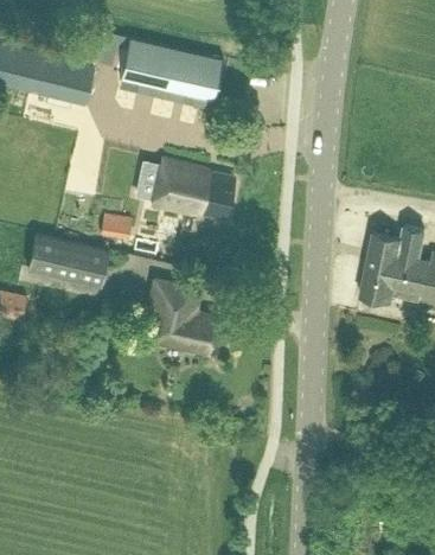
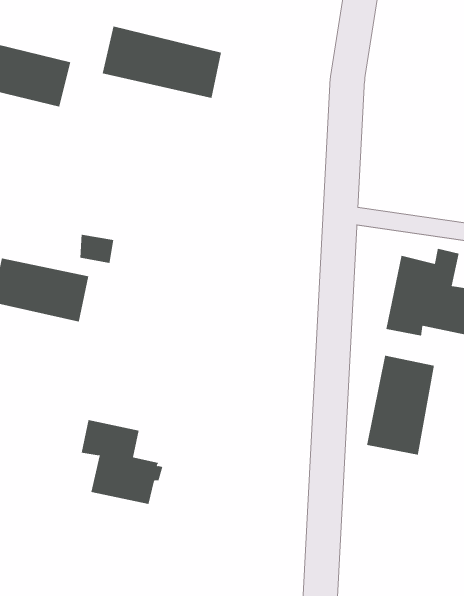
building: [151,160,235,221] -> none
building: [151,280,220,352] -> [81,419,163,505]
building: none -> [367,355,434,455]

